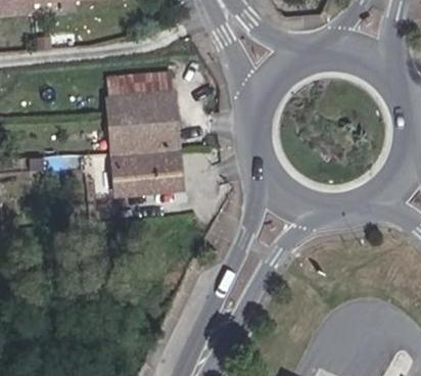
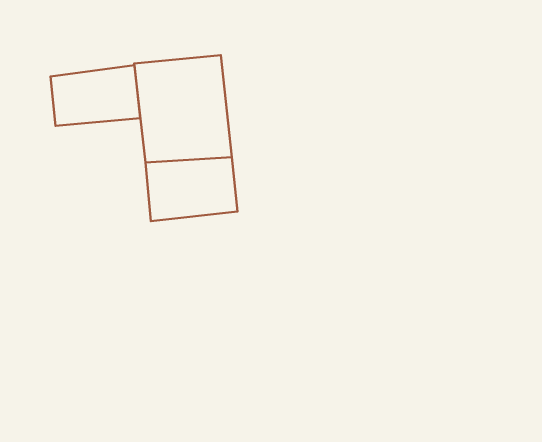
building: none -> [51,65,140,126]

